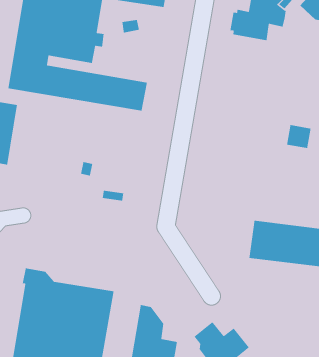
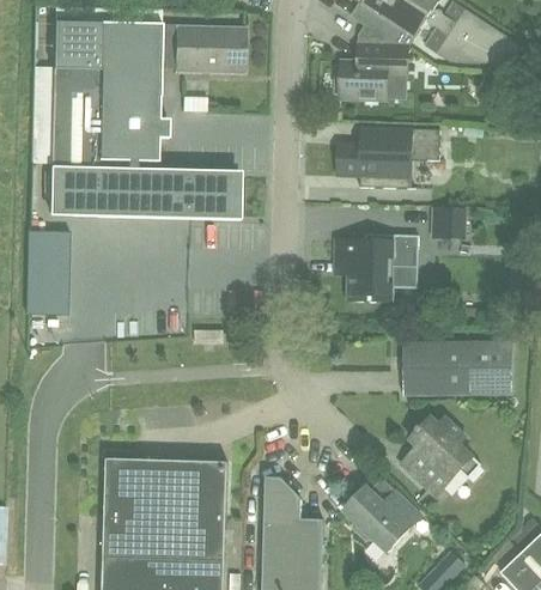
building: none -> [336,127,439,187]
building: none -> [334,233,418,302]
building: none -> [405,416,480,495]

